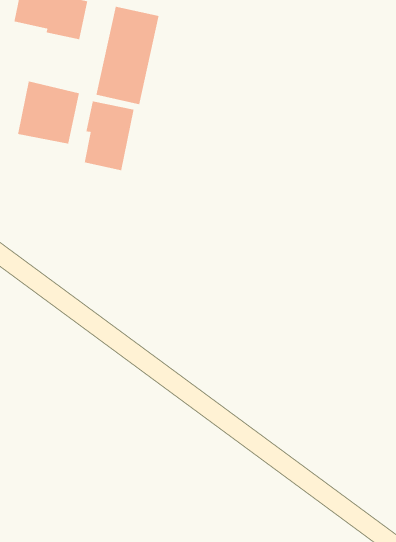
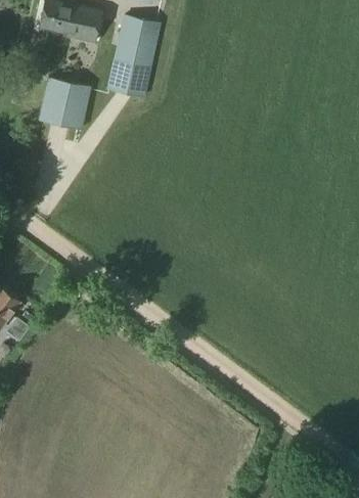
building: [84,100,135,171] -> none

